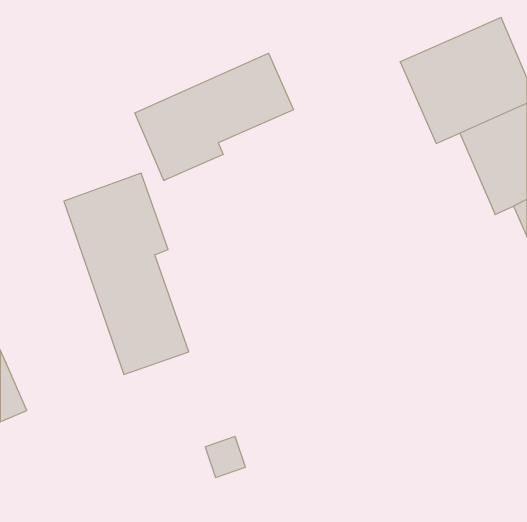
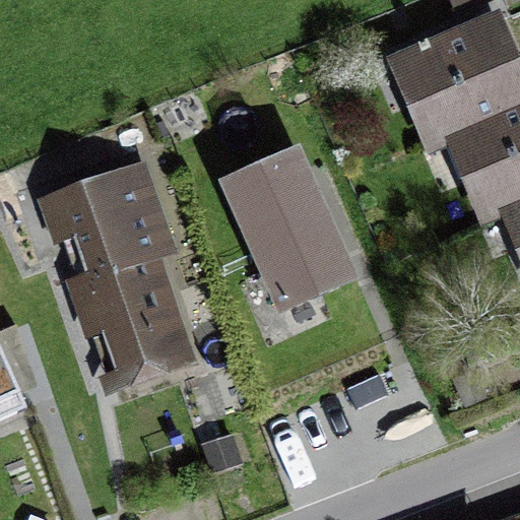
building: [135,53,293,181] -> none
building: none -> [229,151,350,302]

